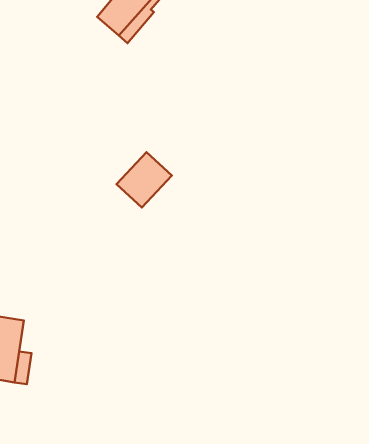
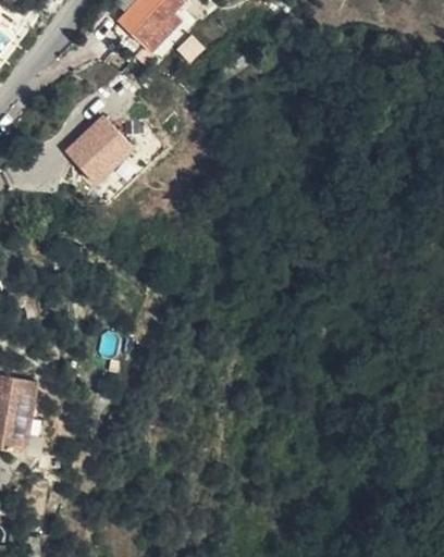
building: [116,152,172,208] -> [63,115,127,180]

